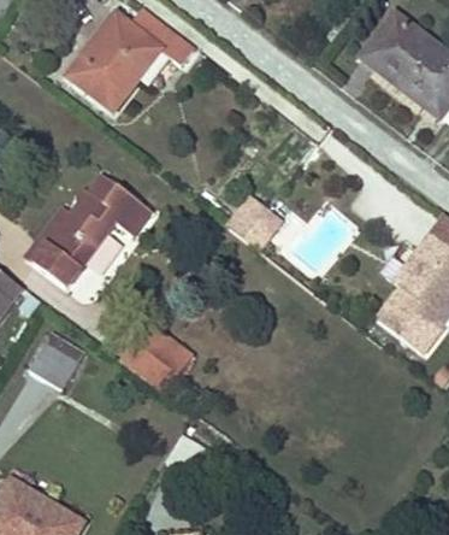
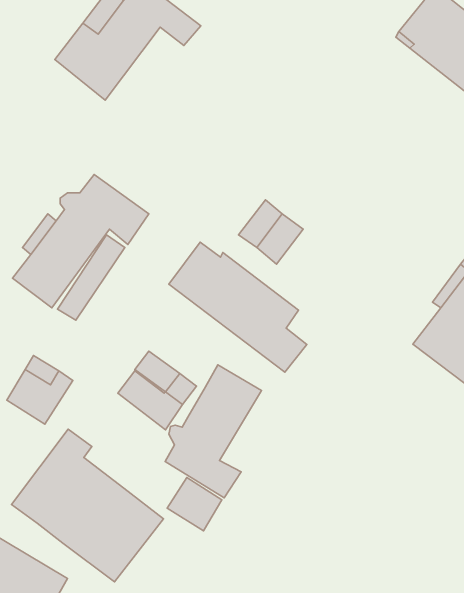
building: none -> [169,242,307,372]
building: none -> [165,365,261,498]
building: none -> [11,429,164,582]

